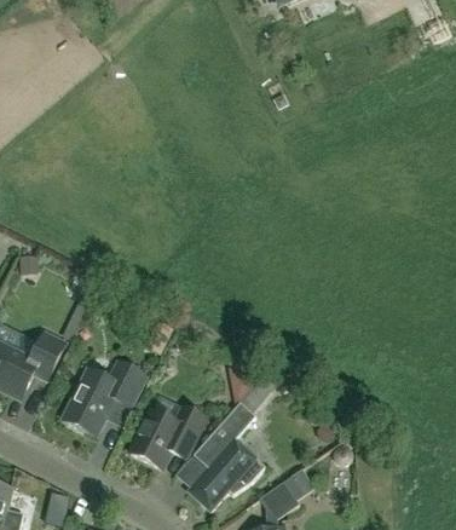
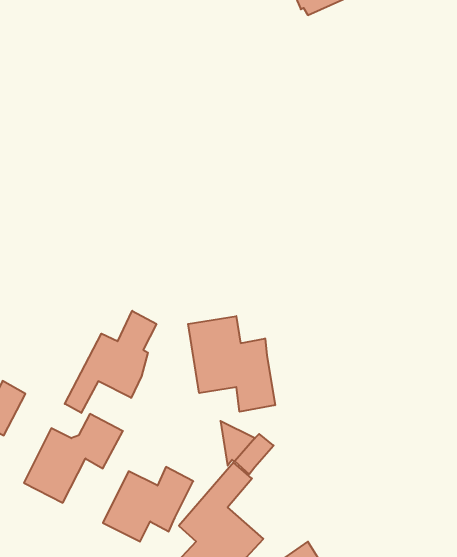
building: none -> [65,311,156,413]
building: none -> [188,316,275,412]

